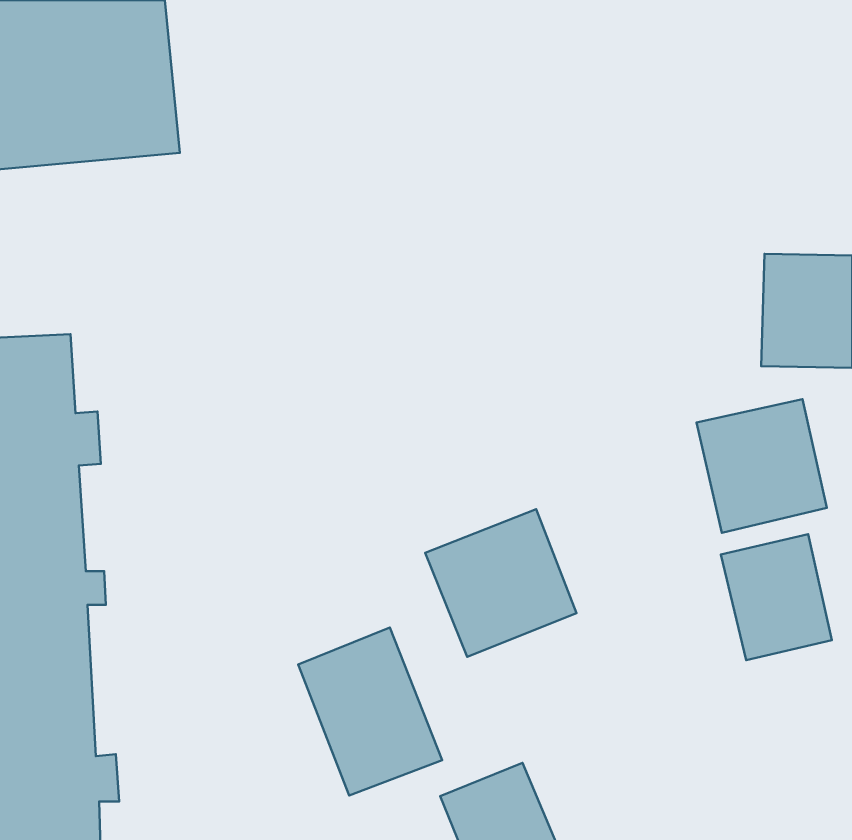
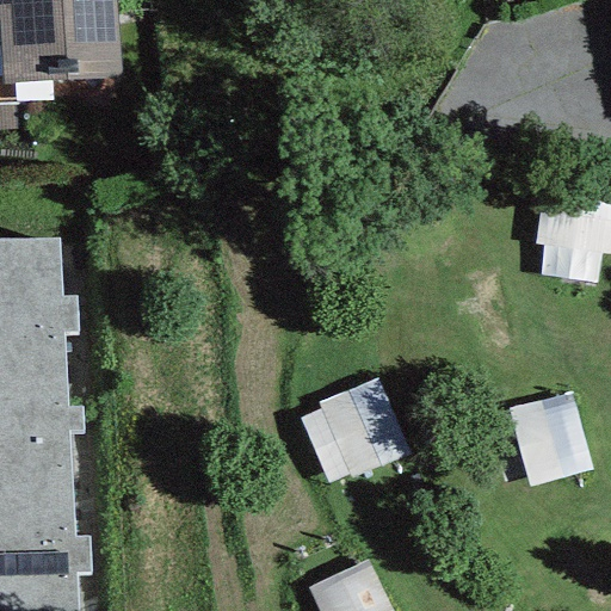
building: [697,399,827,533] -> none
building: [298,627,442,796] -> none

